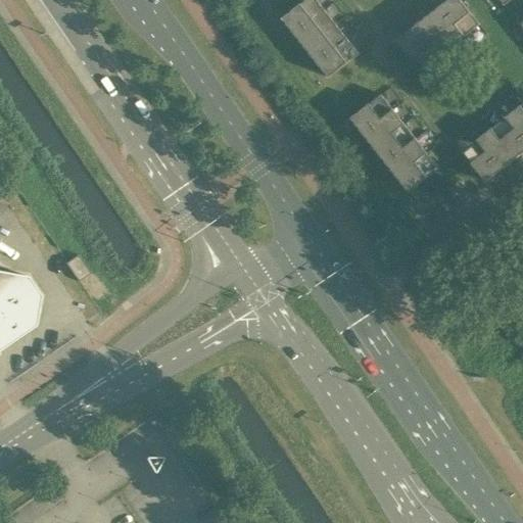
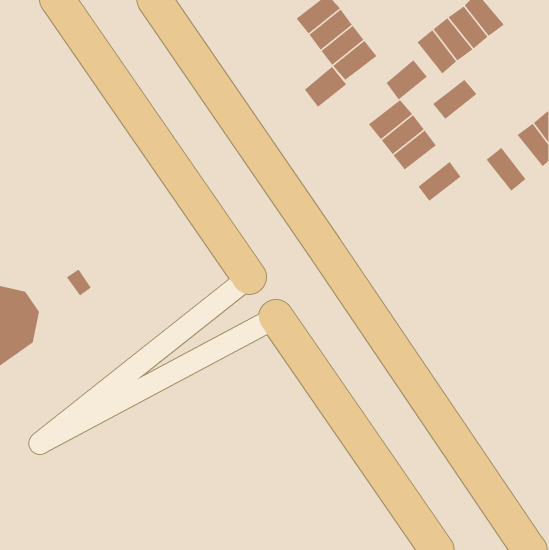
building: none -> [385,59,428,100]
building: none -> [304,66,347,108]
building: [475,128,514,170] -> none
building: [383,138,426,177] -> [432,79,478,120]

